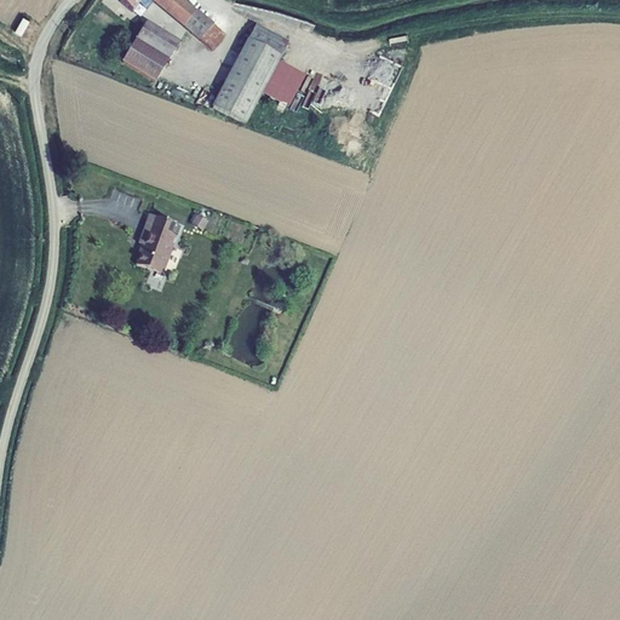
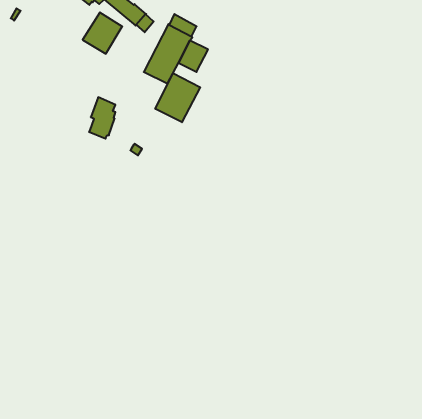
building: none -> [155,73,200,122]
building: [136,211,174,271] -> [89,97,115,139]

